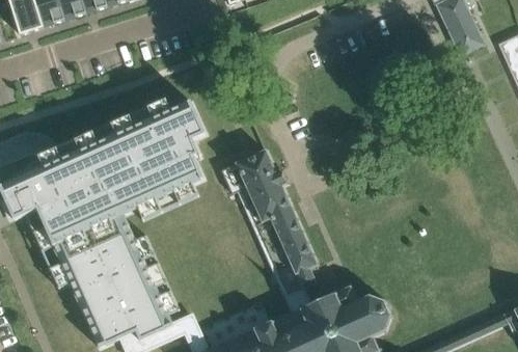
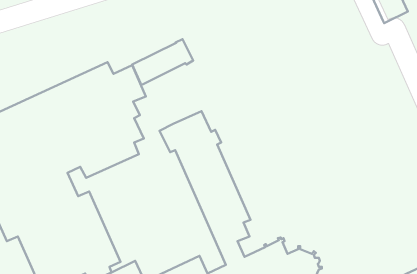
building: none -> [132,39,193,85]

